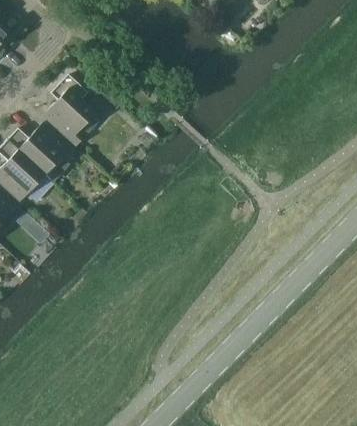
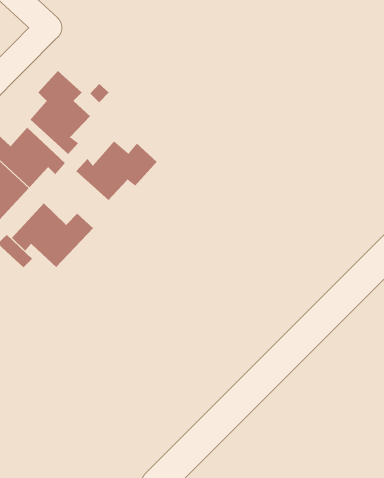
building: none -> [75,140,158,201]
building: none -> [11,202,94,268]

